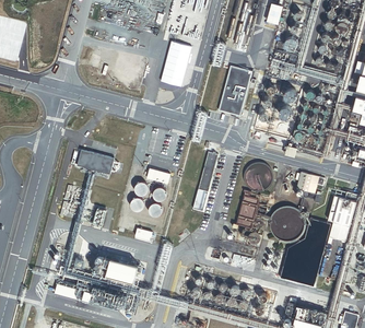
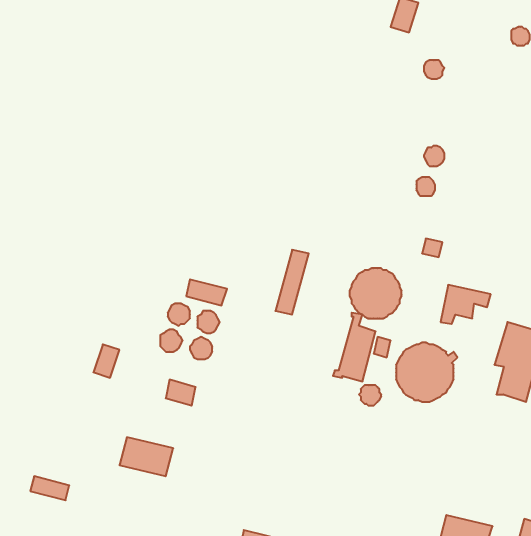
building: [160,42,191,86] -> none
building: [219,66,251,116] -> none
building: [76,150,114,174] -> none

